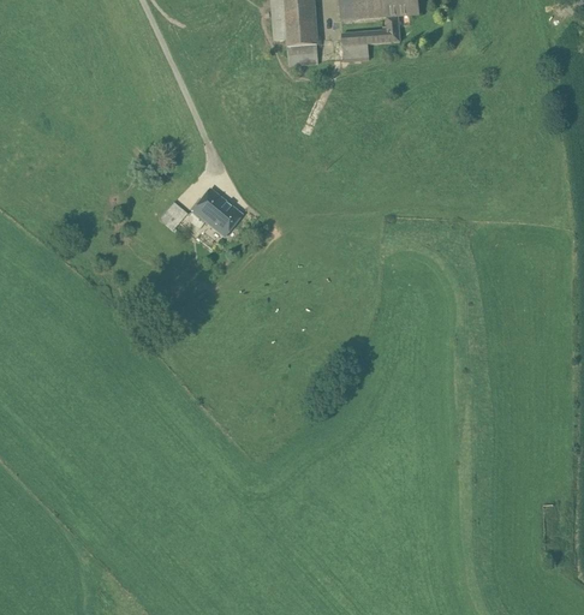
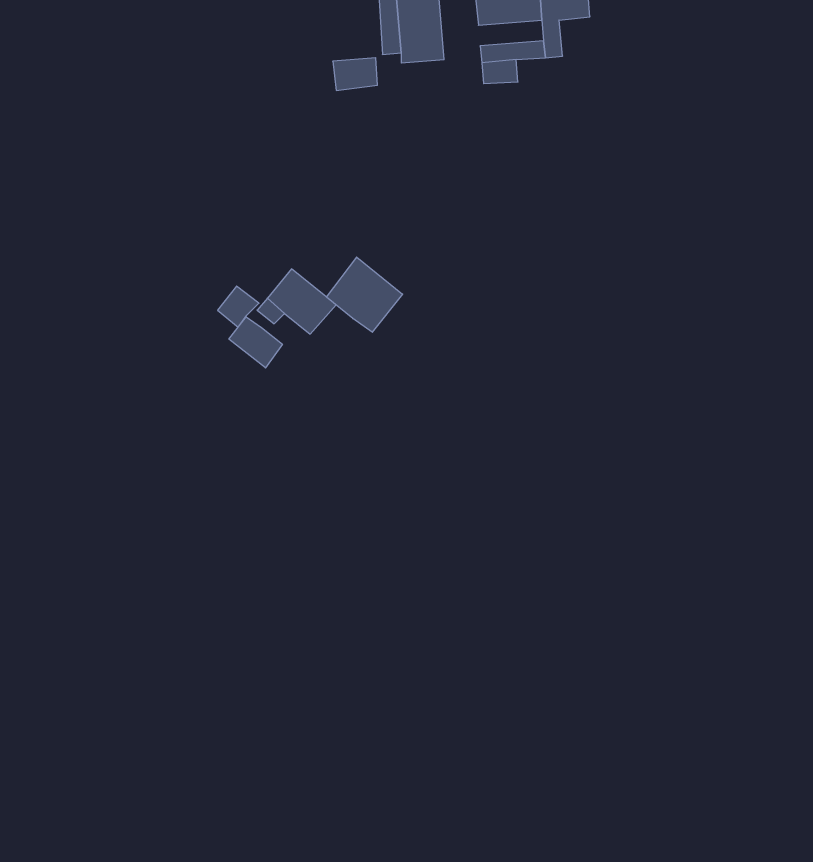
building: [287,43,318,66] -> [333,58,377,90]
building: none -> [327,257,403,332]
building: none -> [229,317,282,368]

